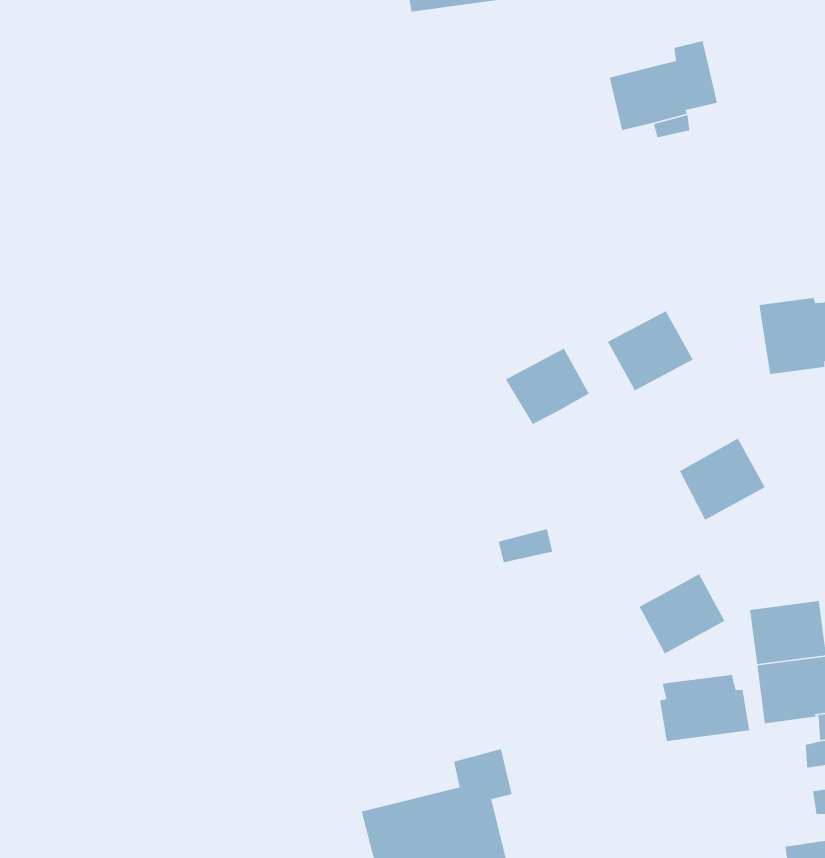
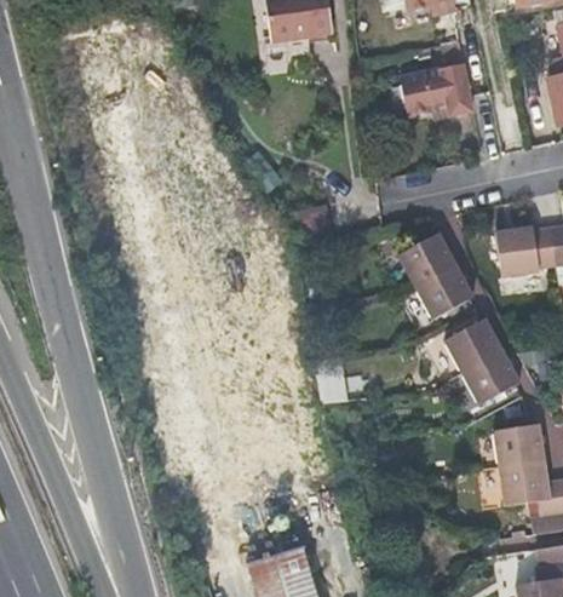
building: [505,348,590,425] -> [418,266,473,317]
building: [639,573,725,654] -> [464,350,521,403]
building: [659,674,750,742] -> none

